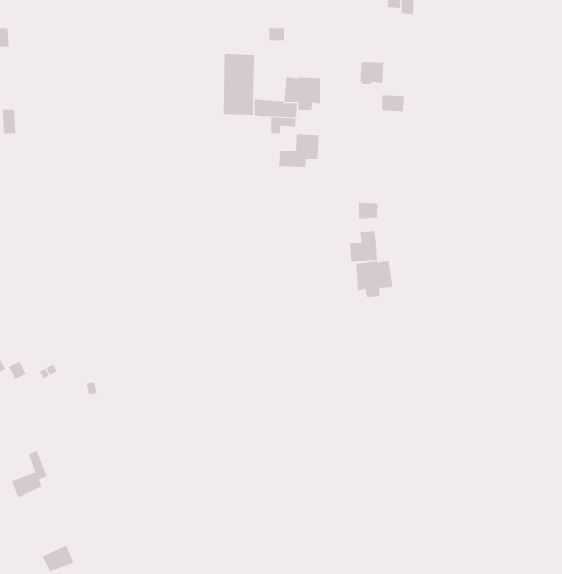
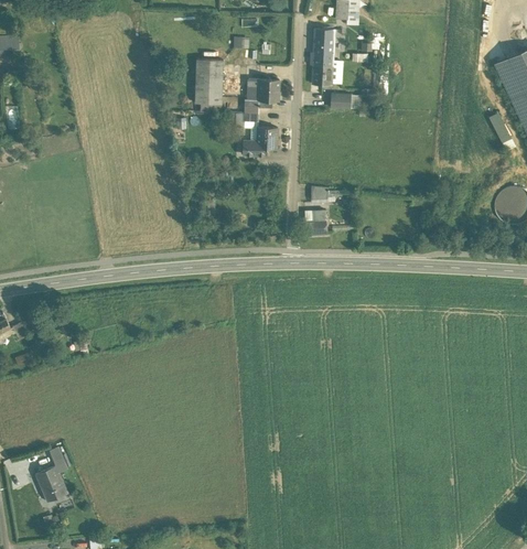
building: none -> [313,30,335,66]
building: [356,260,393,298] -> none
building: [11,450,47,498] -> [35,446,66,487]

